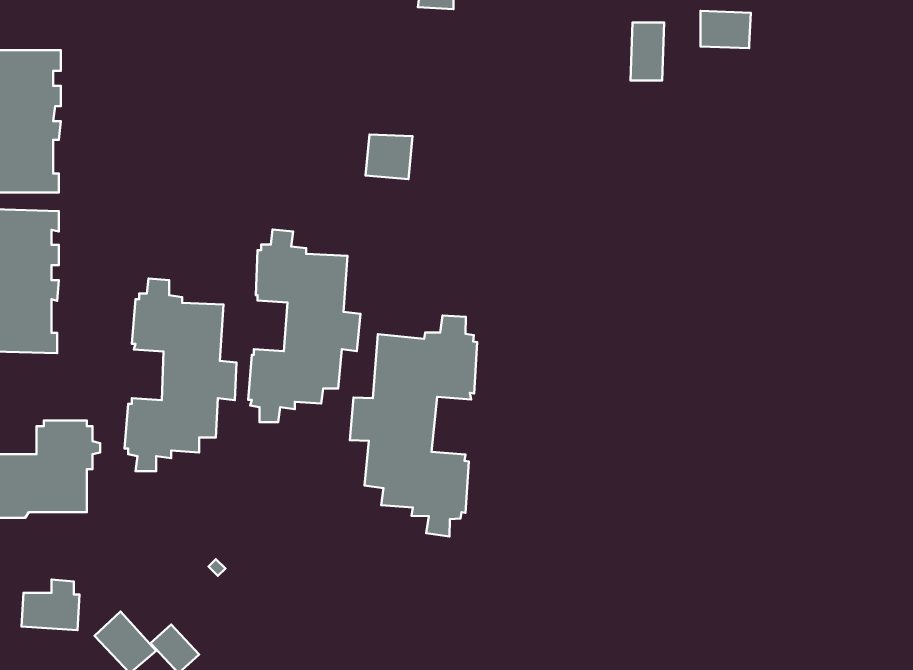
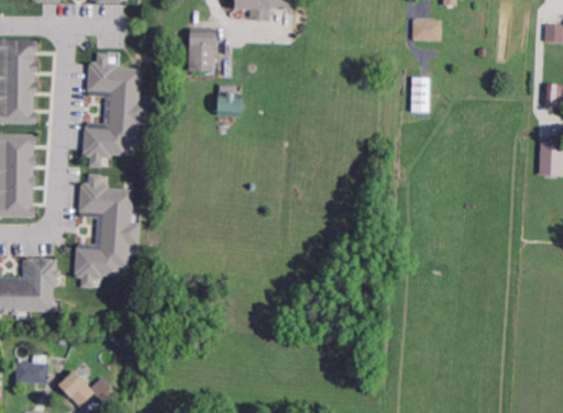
building: [631,22,664,80] -> [410,76,430,110]
building: none -> [186,25,214,69]
building: [248,230,360,422] -> [82,54,148,167]
building: [350,315,477,536] -> none

